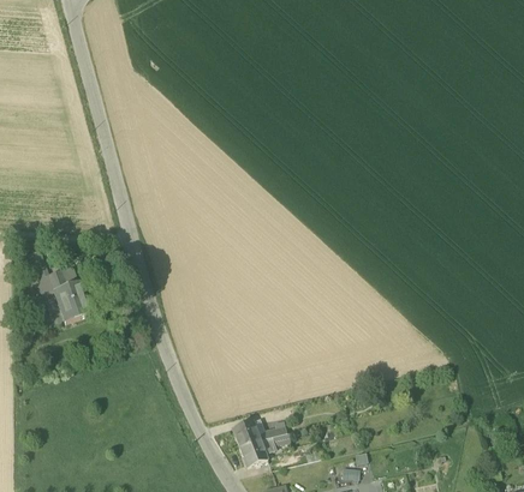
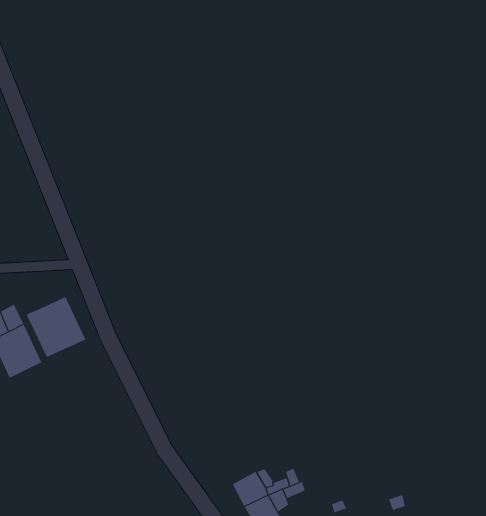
building: none -> [26,296,86,358]

